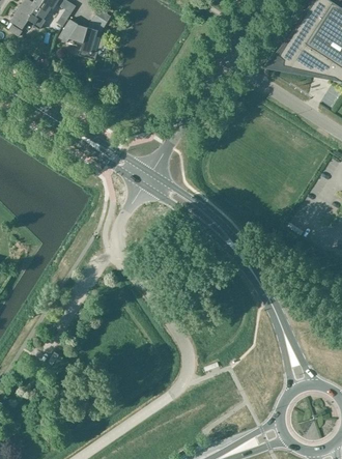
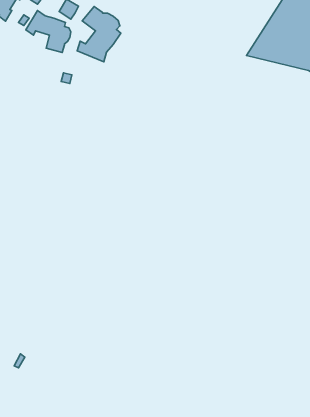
building: none -> [77,7,121,62]

